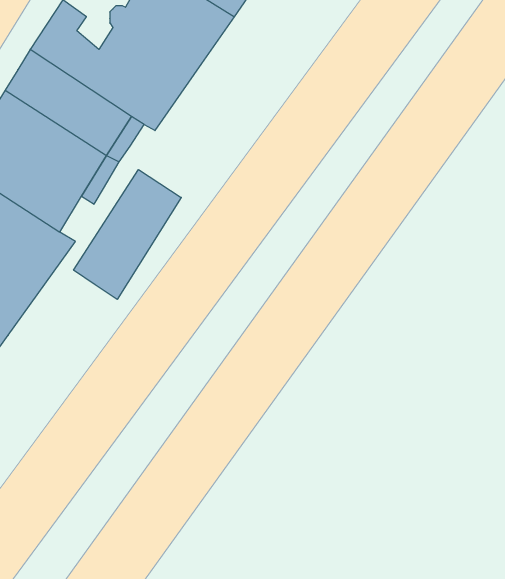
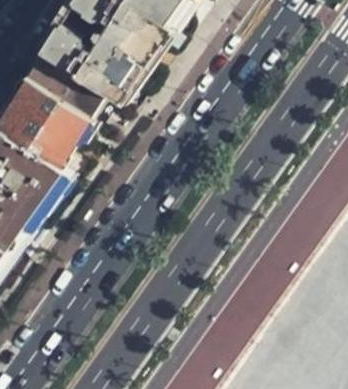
building: [74,170,181,299] -> none

